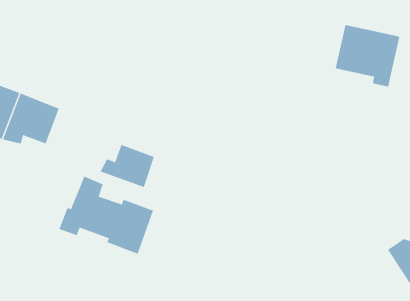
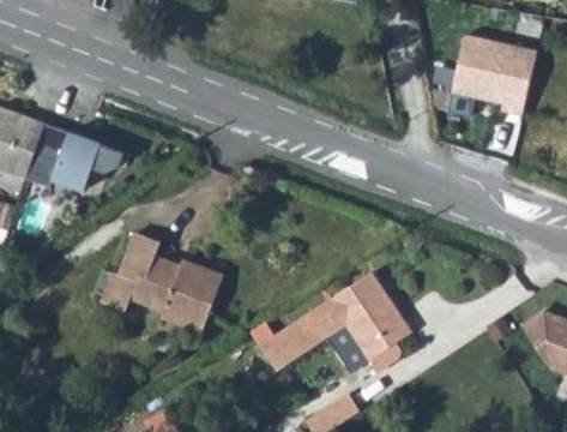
building: [100,144,155,188] -> none
building: none -> [260,272,410,370]

